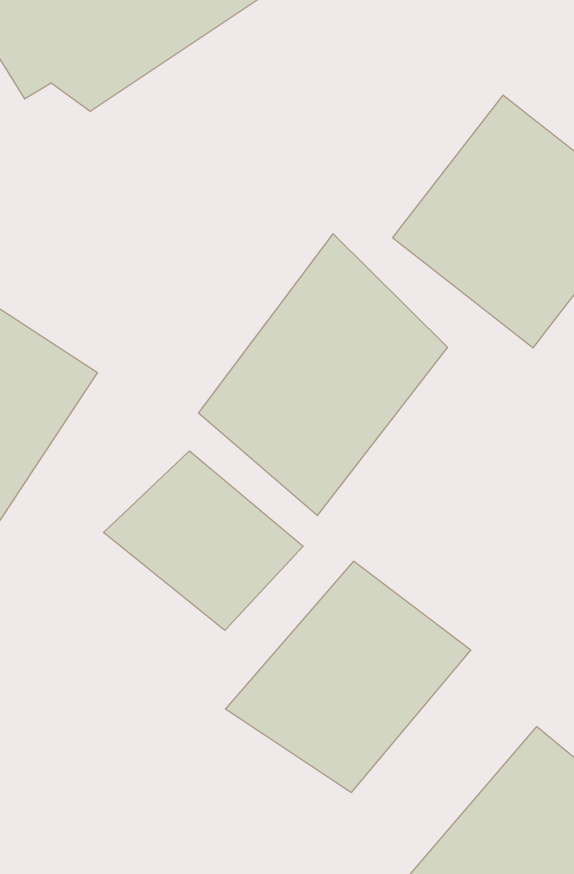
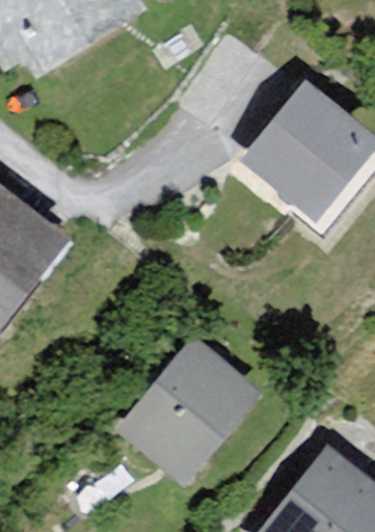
building: [199,234,448,516] -> none
building: [104,451,303,630] -> none

